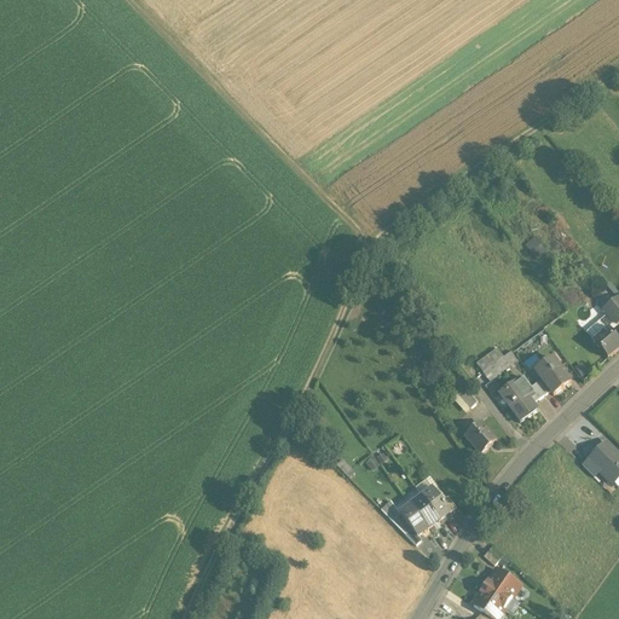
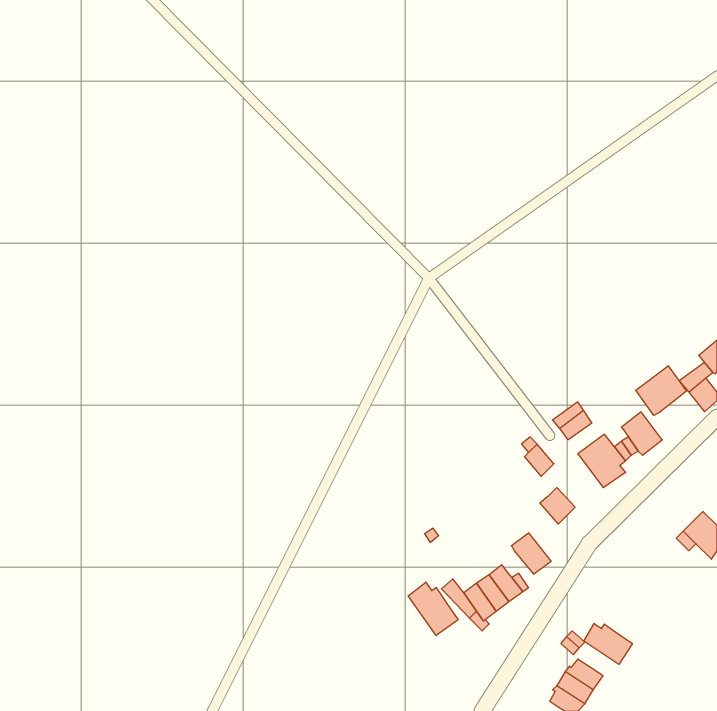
building: none -> [636,366,686,415]
building: none -> [511,533,551,574]
building: none -> [408,582,458,636]
building: none -> [584,623,632,664]

